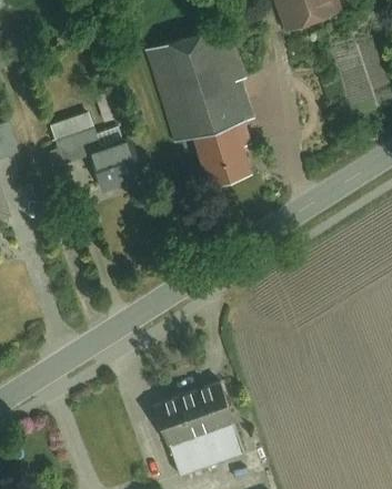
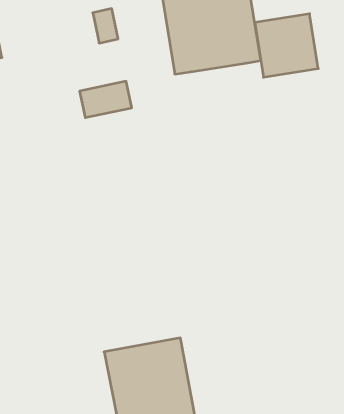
building: [48,113,128,169] -> none
building: [191,123,255,187] -> [255,14,318,77]

